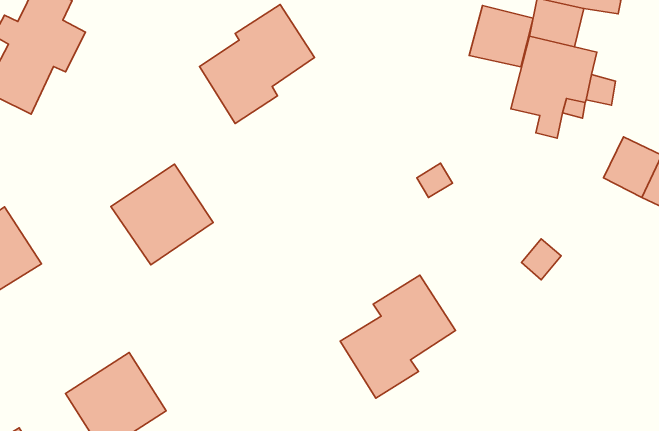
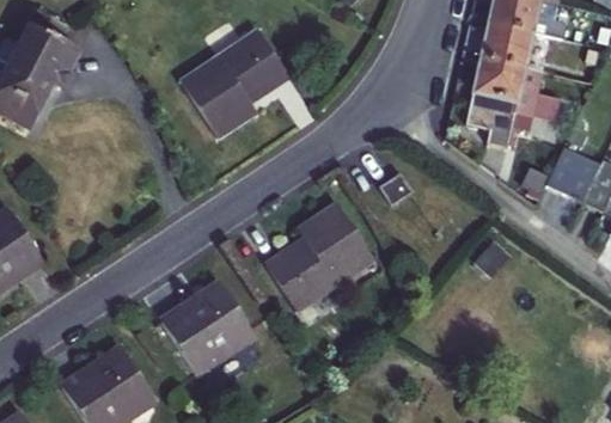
building: [469,5,533,67] -> none
building: [111,164,213,265] -> [159,281,251,372]
building: [340,275,455,398] -> [265,201,369,312]

